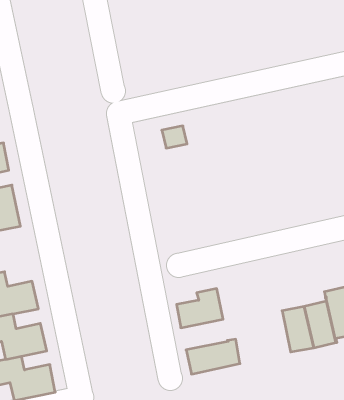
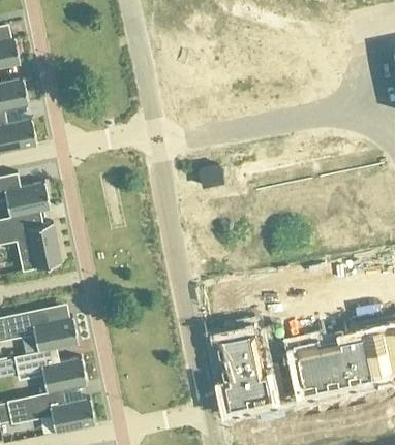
building: none -> [294,347,325,392]
building: none -> [217,355,264,385]

